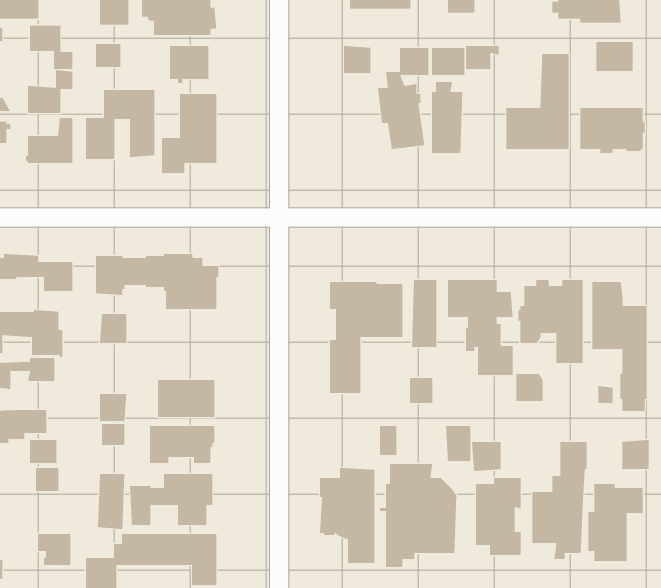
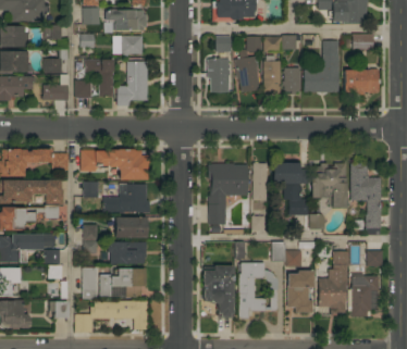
building: none -> [207,59,231,92]
building: none -> [282,67,300,95]
building: none -> [103,184,147,213]

